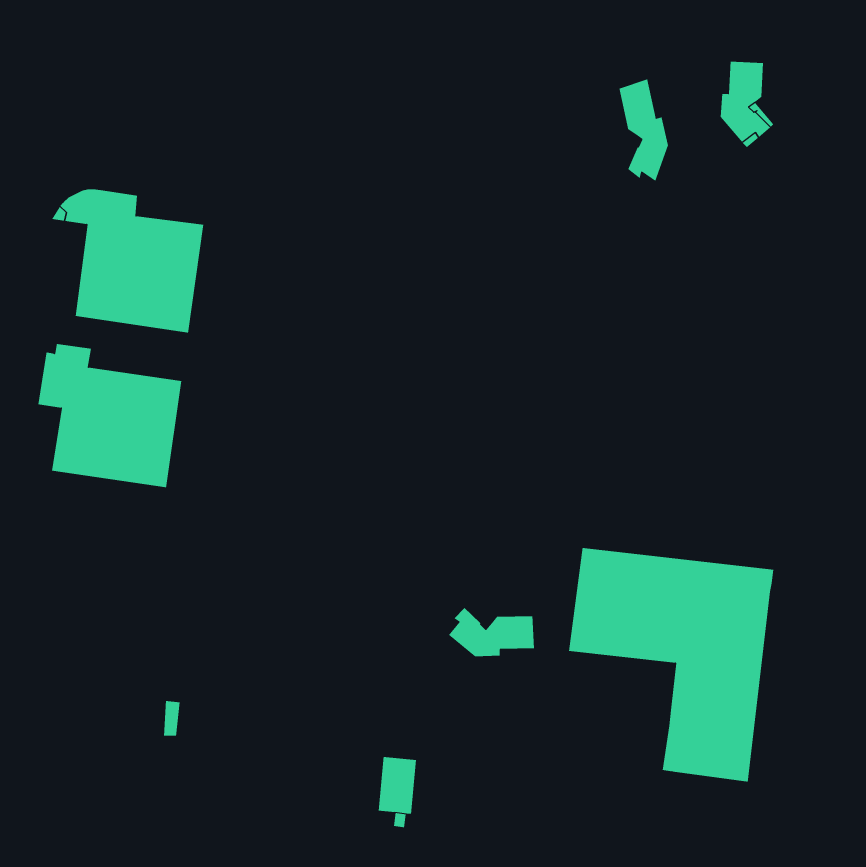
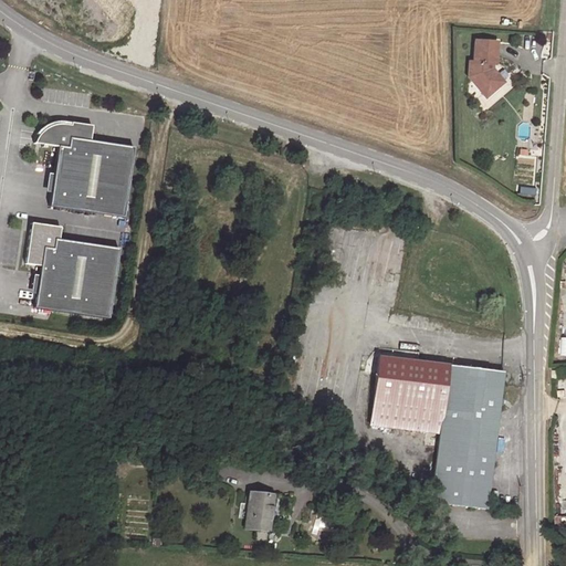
building: [619,79,669,182] -> none
building: [448,607,534,657] -> none

